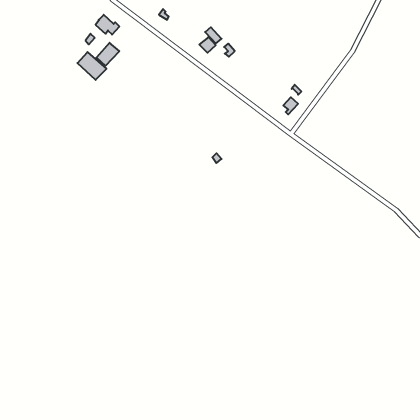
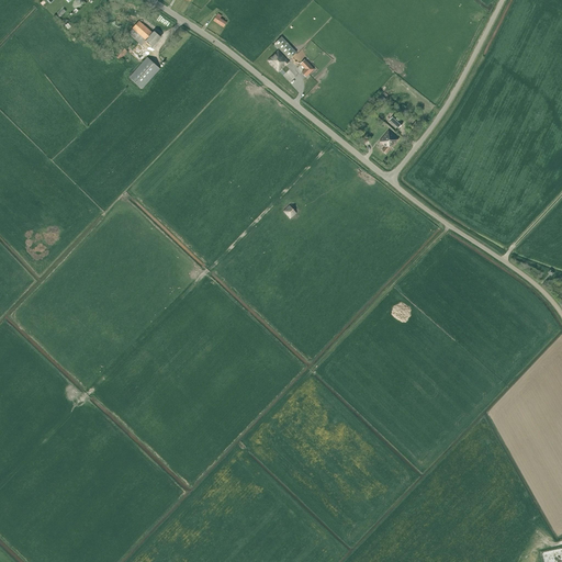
building: [77,52,106,80] -> none

